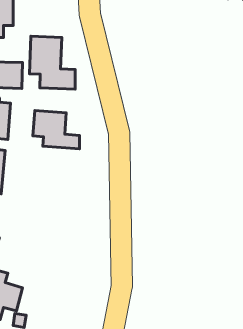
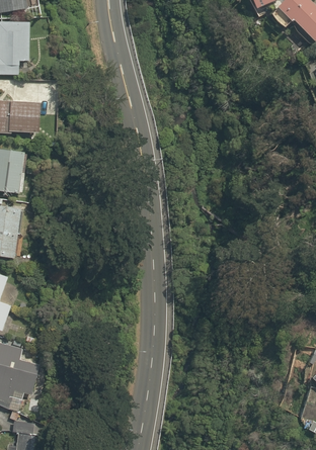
building: [30,36,75,89] -> none
building: [33,110,79,149] -> none

